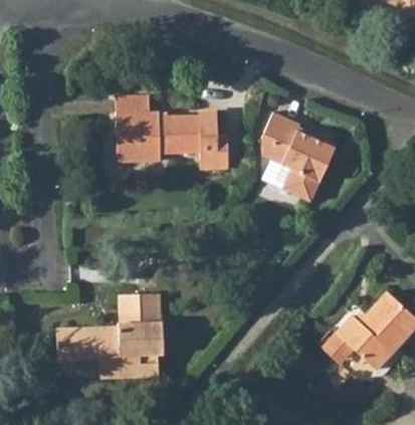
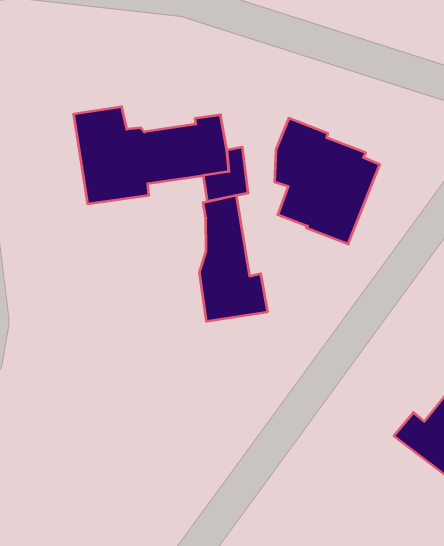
building: none -> [199,195,267,321]
building: [65,292,173,378] -> none

